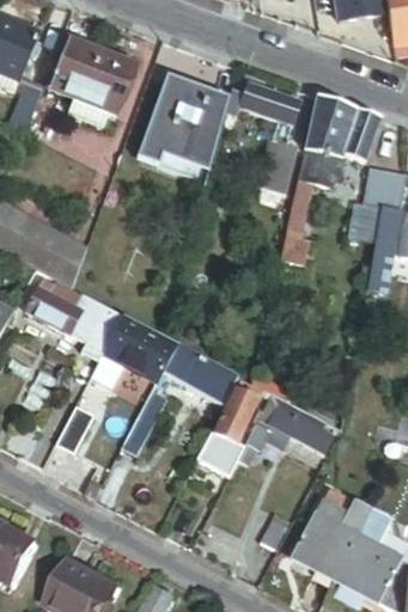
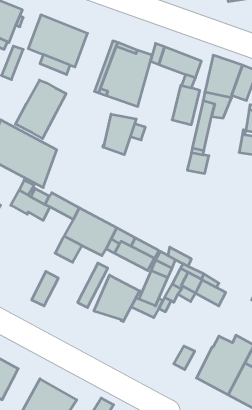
building: none -> [15,80,66,139]
building: none -> [103,114,136,155]
building: [50,313,114,359] -> none
building: none -> [94,275,140,322]

